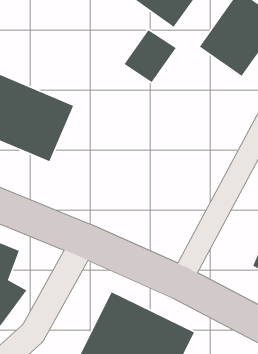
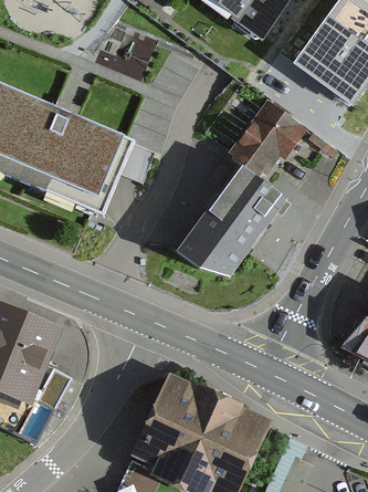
building: [123,29,177,83] -> [231,102,299,171]
building: none -> [180,171,278,280]

